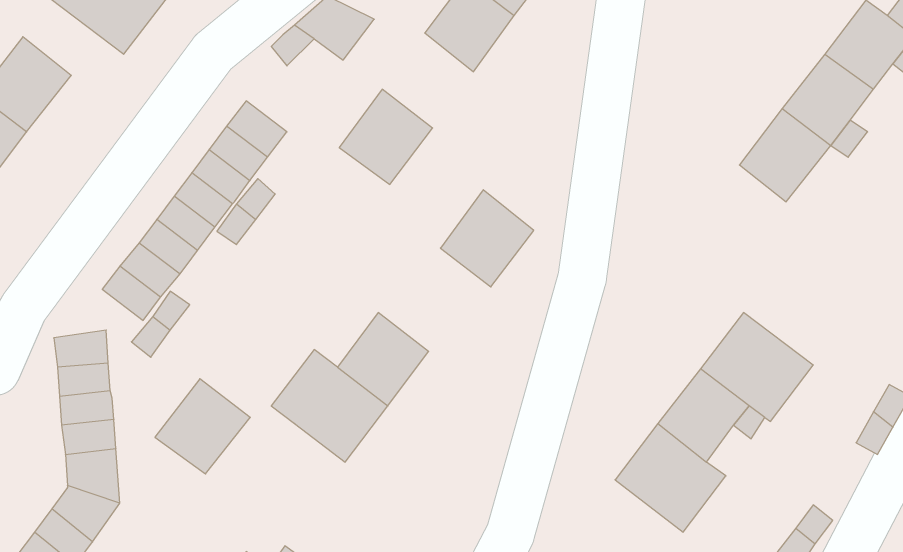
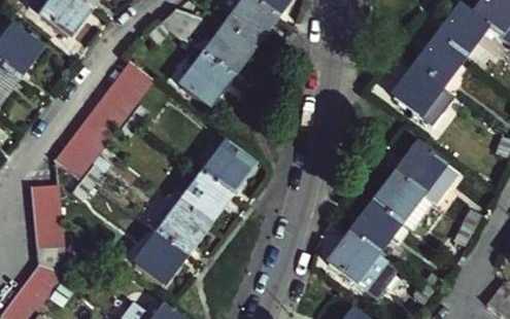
building: none -> [205,25,253,75]
building: [440,190,534,287] -> [203,142,252,193]
building: none -> [397,143,461,204]
building: [155,379,250,474] -> [135,232,185,282]

